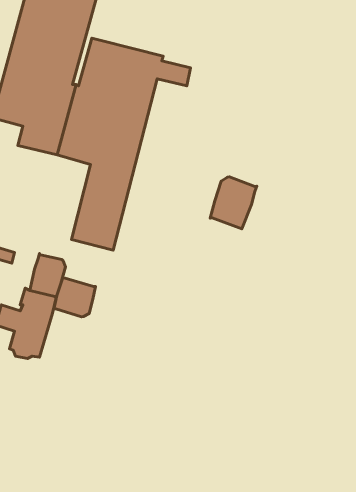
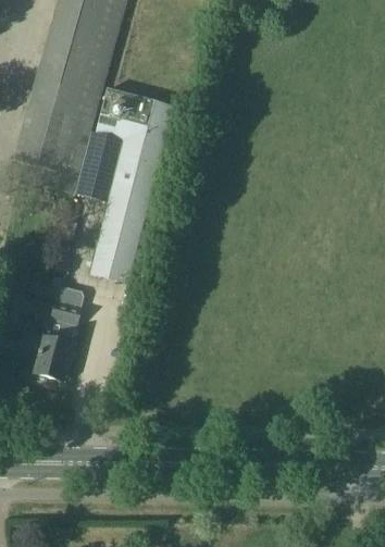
building: [210,177,257,229] -> none
building: [54,278,95,317] -> none

